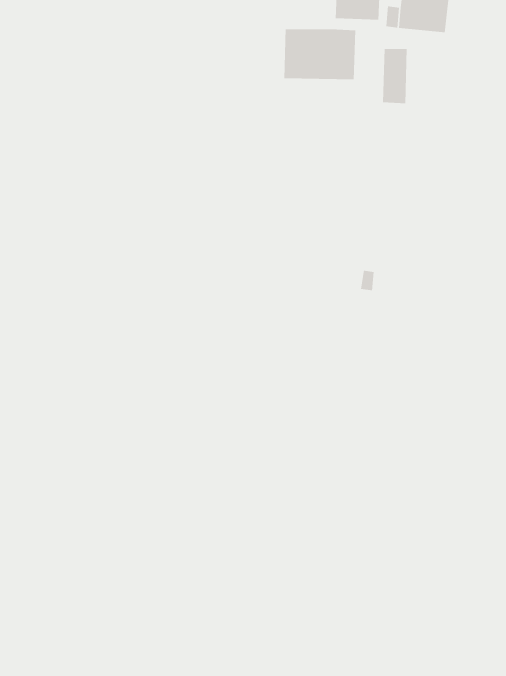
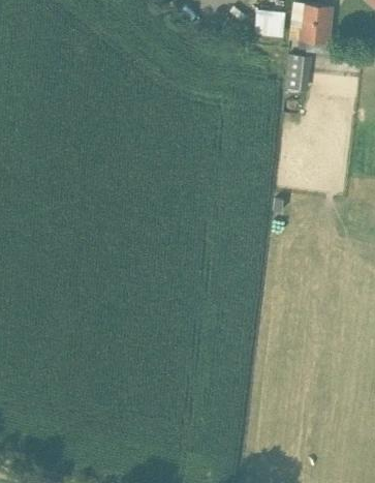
building: [284,28,356,80] -> none

